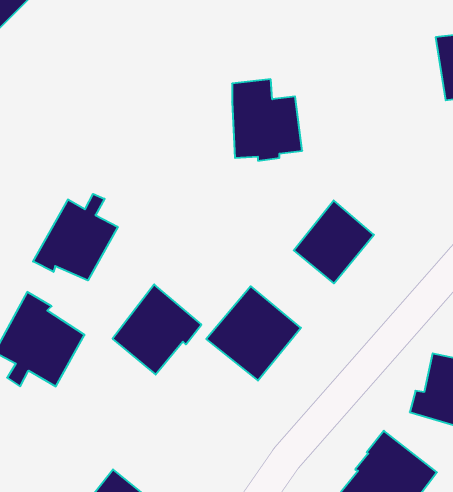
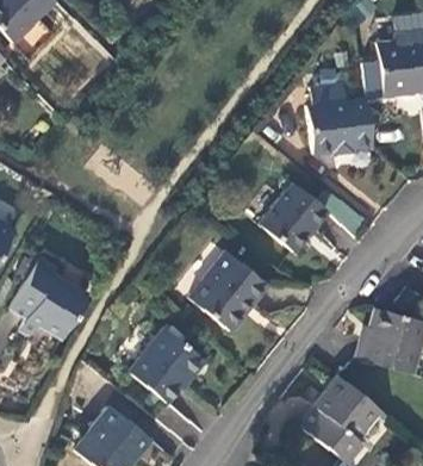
building: [232,79,302,161] -> [313,87,372,155]
building: [33,194,118,280] -> none
building: [113,284,201,375] -> [130,324,204,399]

